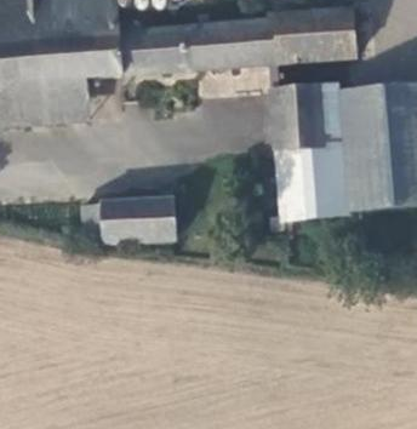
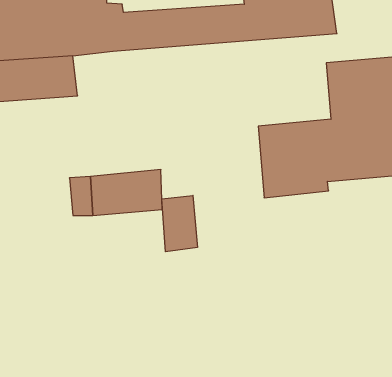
building: [272,85,352,150] -> none
building: none -> [162,195,197,252]

